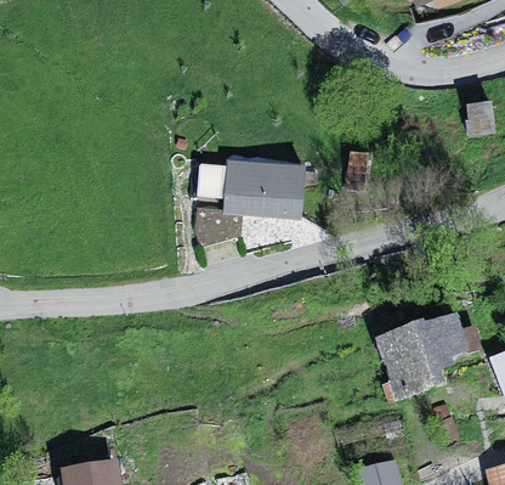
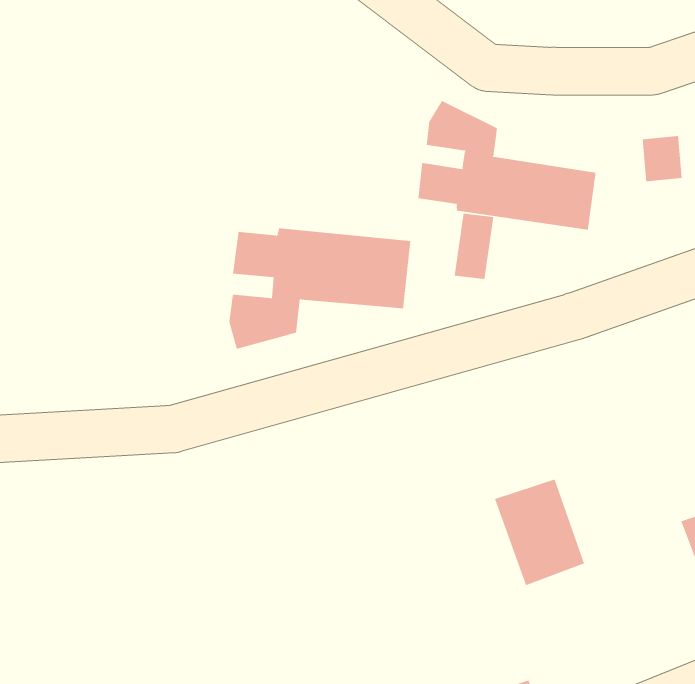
building: none -> [418,100,596,231]
building: [412,309,466,365] -> none

